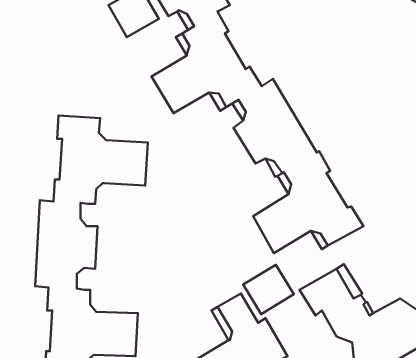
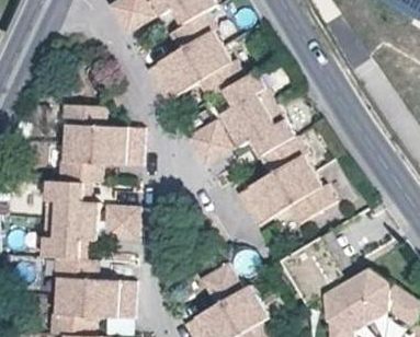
building: none -> [188,120,231,165]
building: none -> [104,206,139,240]
building: [243,265,294,314] -> none

